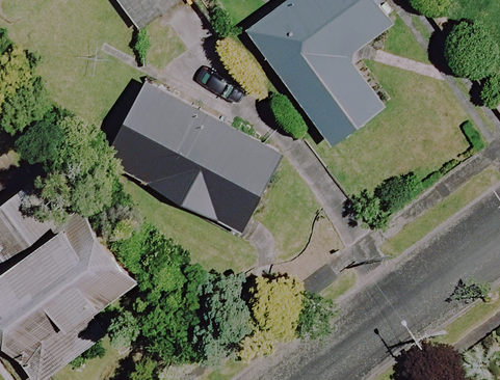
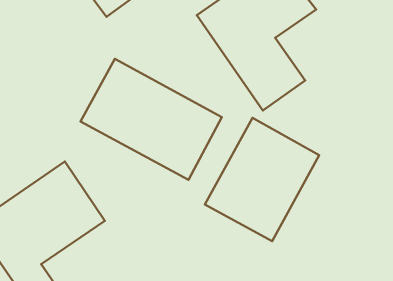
building: none -> [205,118,319,241]

